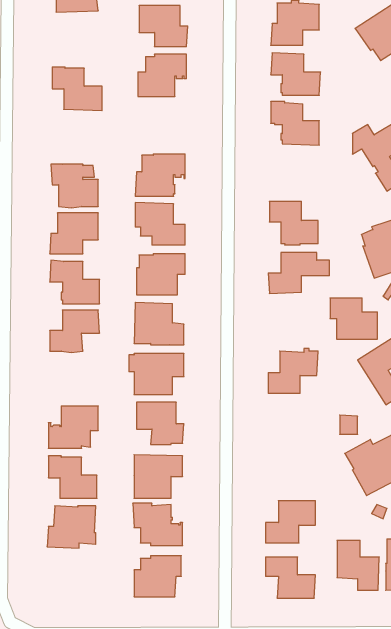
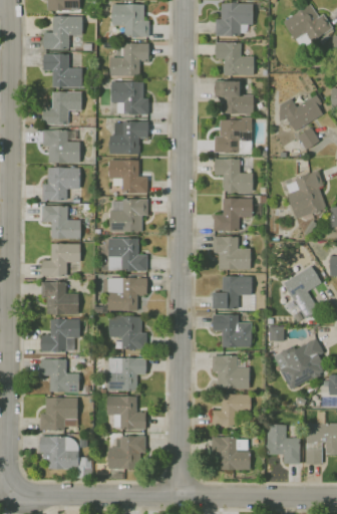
building: none -> [45,16,83,49]
building: none -> [111,81,149,114]
building: none -> [44,92,82,124]
building: none -> [215,117,253,154]
building: [330,298,377,339] -> [214,237,251,269]
building: none -> [42,282,79,315]
building: none -> [214,315,252,347]
building: none -> [213,356,250,390]
building: none -> [40,437,92,478]

